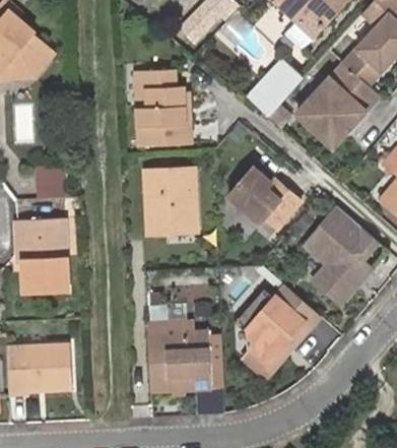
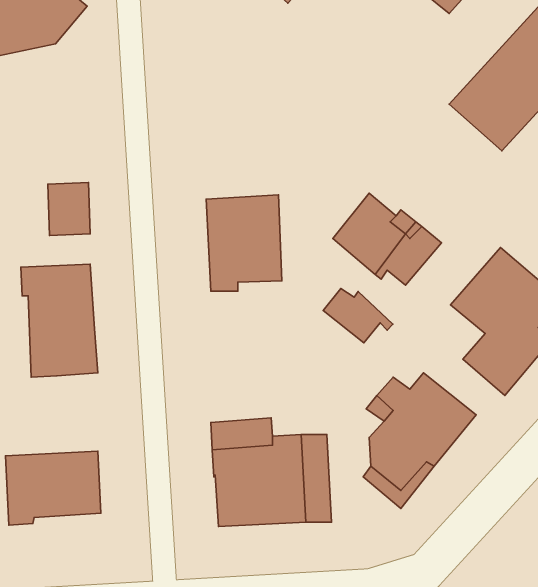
building: [248,58,302,114] -> none
building: [136,70,190,147] -> none
building: none -> [323,288,393,343]

